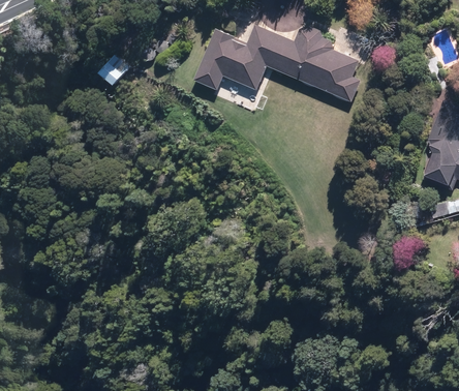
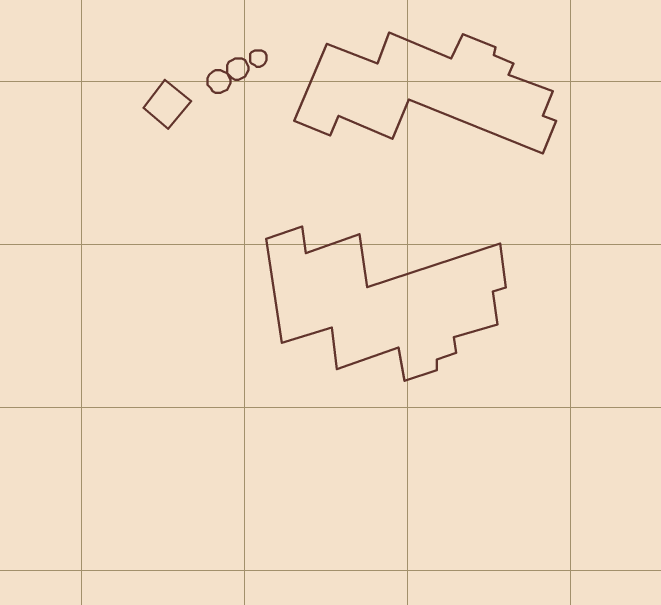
building: none -> [266,227,506,381]

